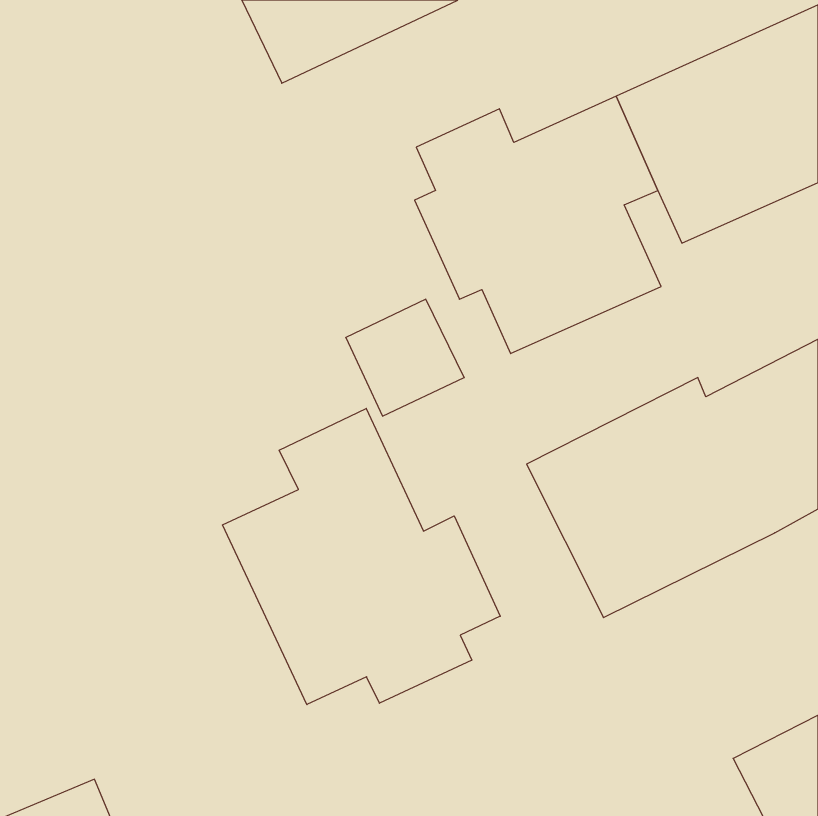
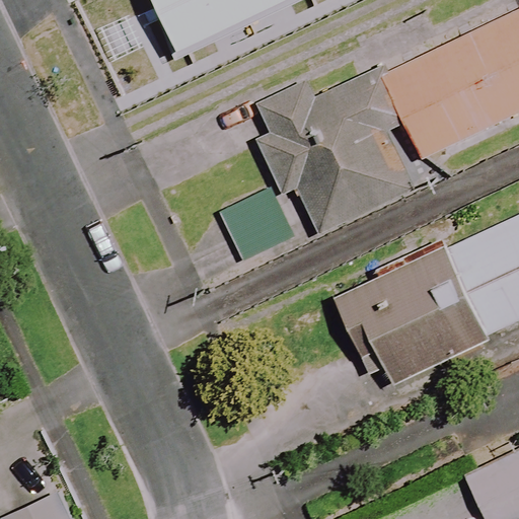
building: [222,408,500,705] -> none

